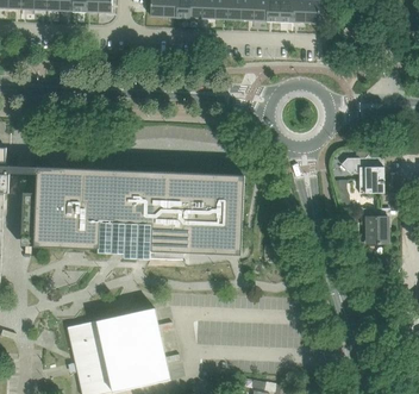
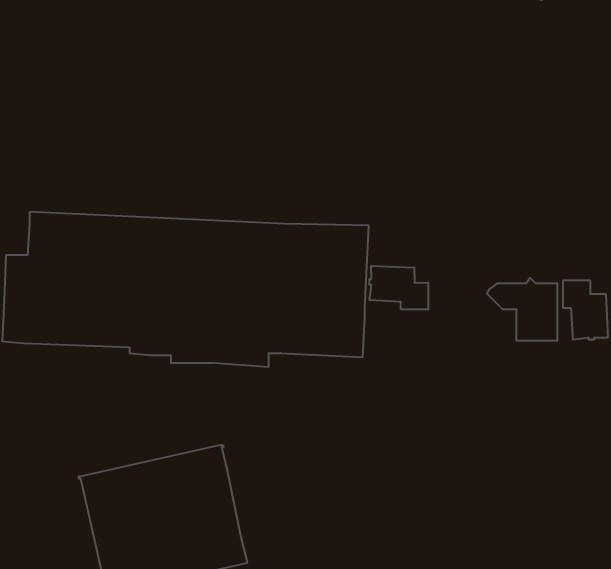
building: [340,155,383,193] -> [487,278,558,340]
building: none -> [369,266,428,309]

